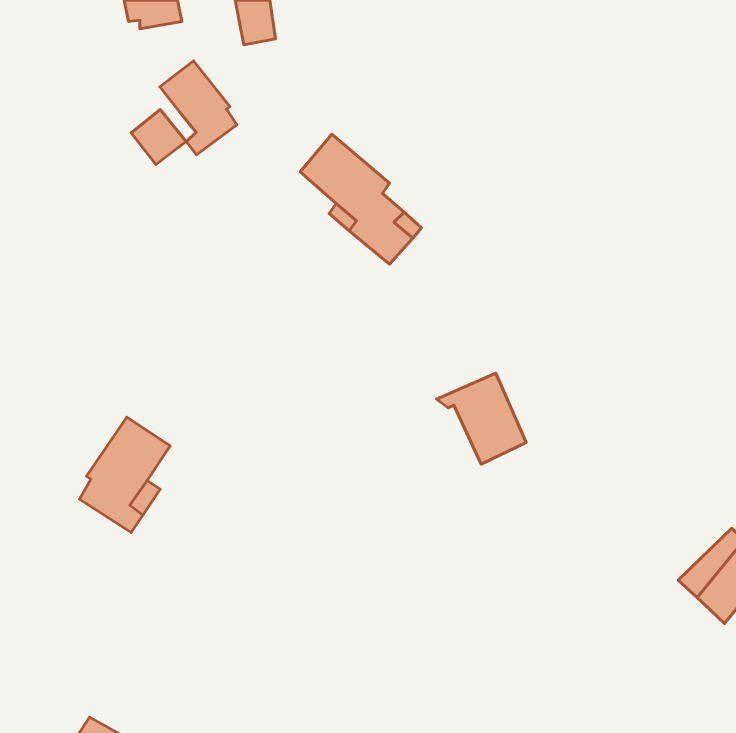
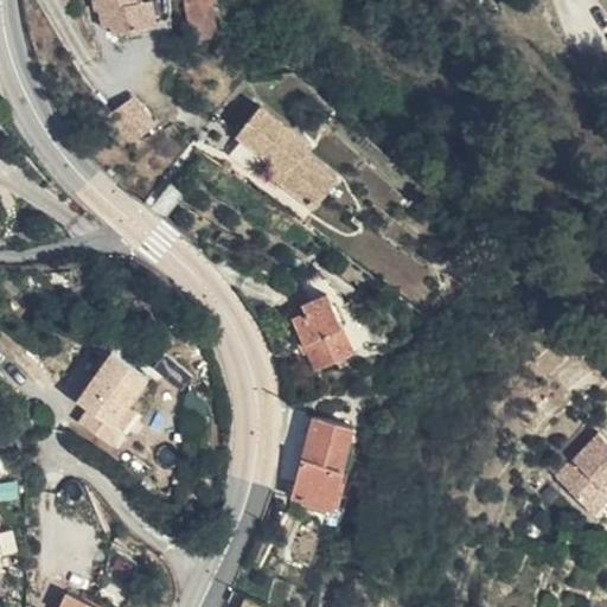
building: [160,61,237,155] -> none
building: [437,373,526,464] -> [282,295,356,370]
building: none -> [288,422,352,513]

